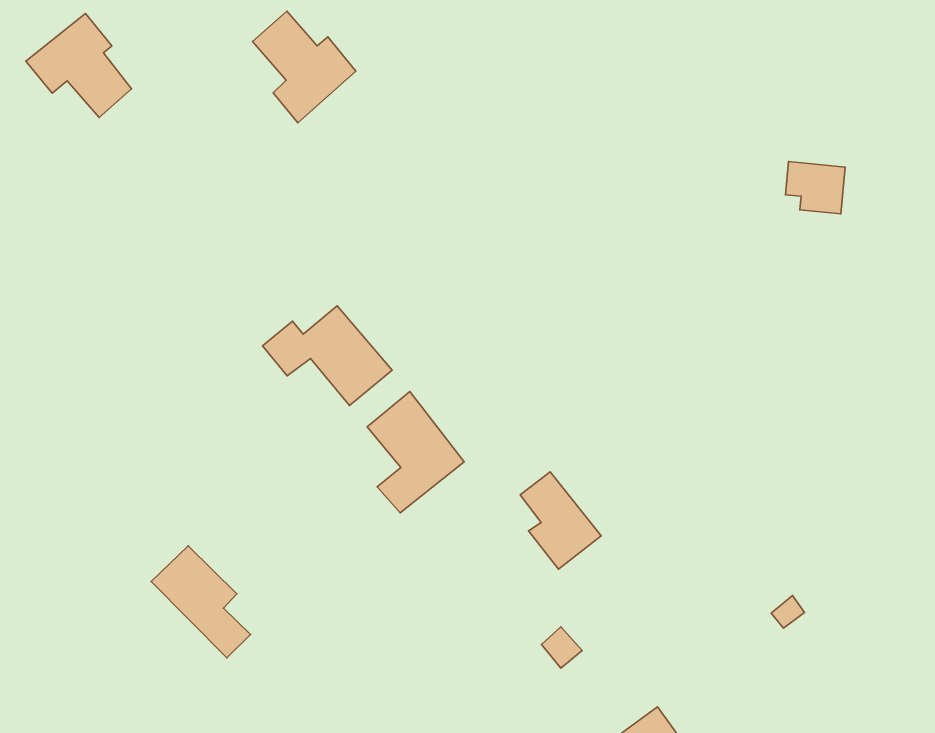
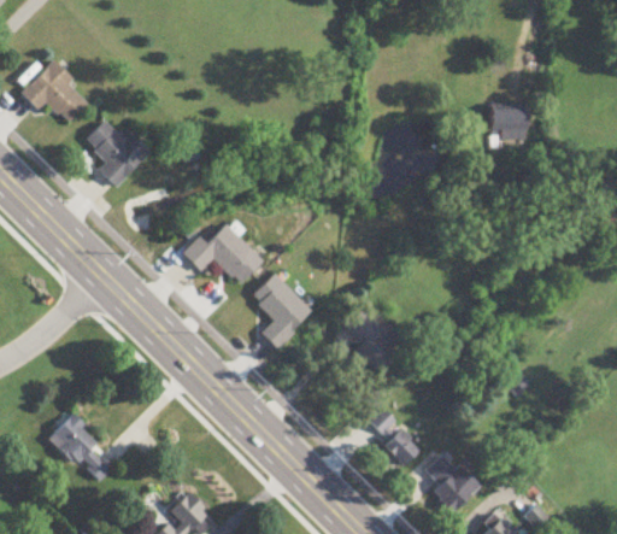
building: [252,11,356,123] -> [84,119,149,187]
building: [151,546,251,658] -> [48,415,112,481]
building: none -> [384,429,419,465]

